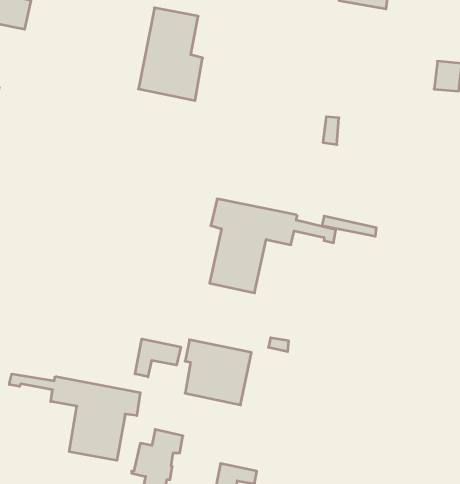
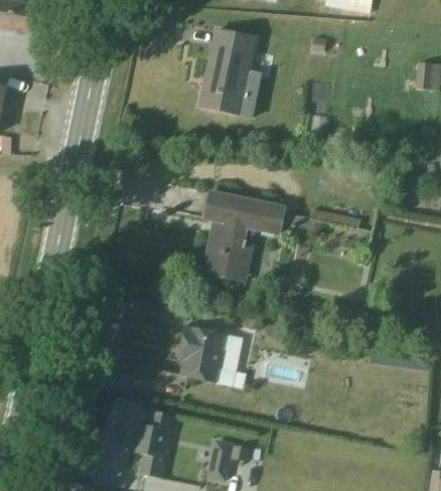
building: [138,8,203,101] -> [200,28,261,116]
building: [135,339,181,377] -> none
building: [9,374,140,460] -> none

